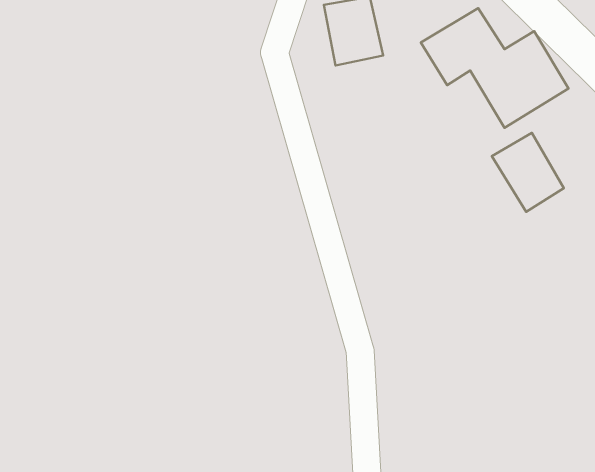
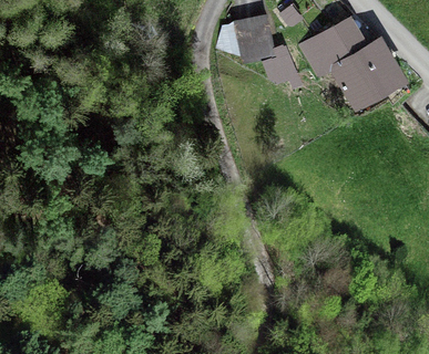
building: [492,133,564,212] -> none

